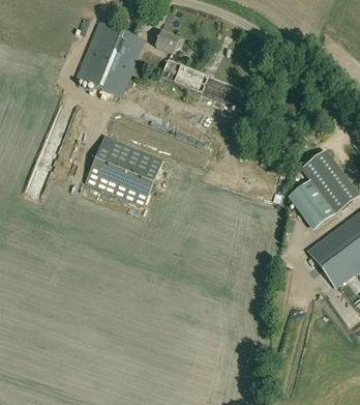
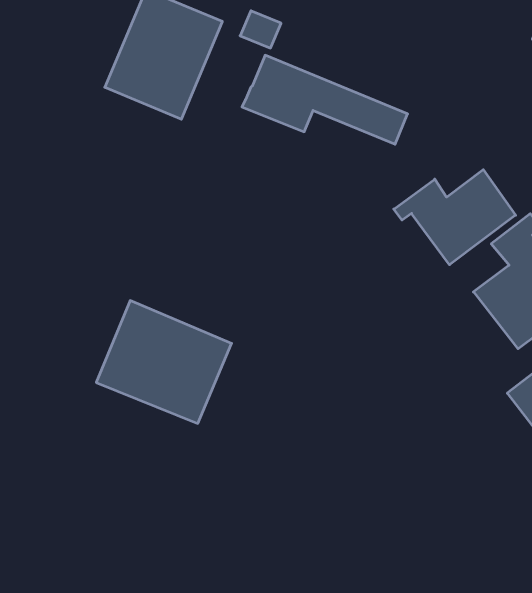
building: none -> [394,170,516,265]
building: [85,133,163,204] -> [96,301,232,423]

